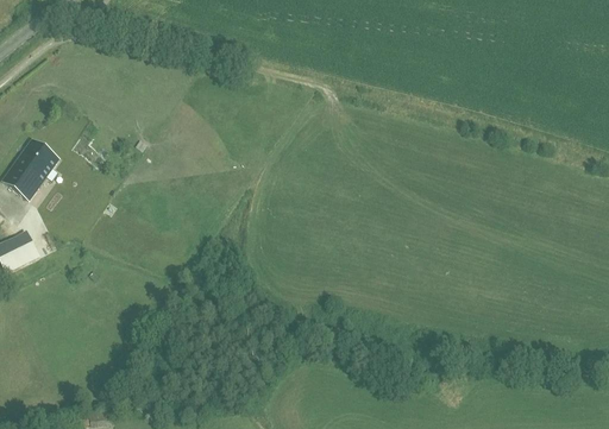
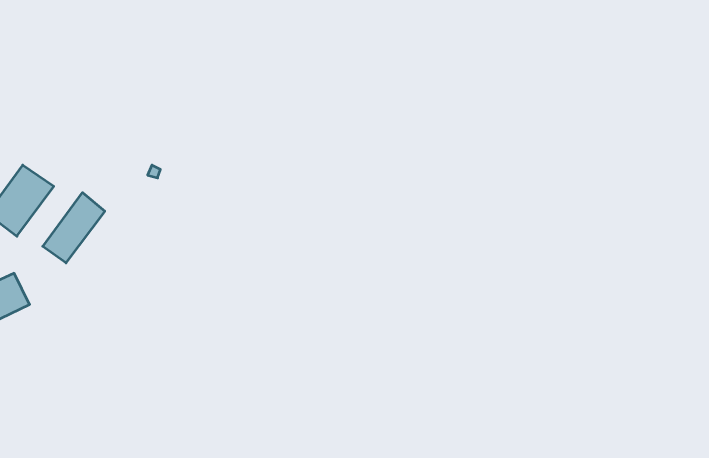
building: none -> [43,193,105,263]

